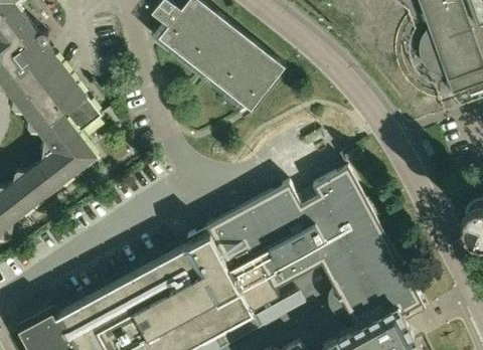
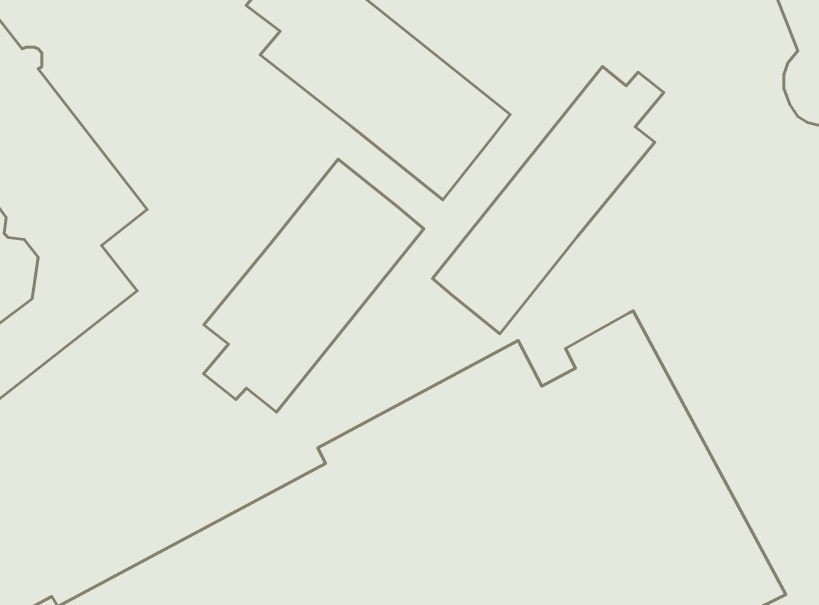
building: none -> [432,67,664,334]
building: none -> [203,159,424,412]

